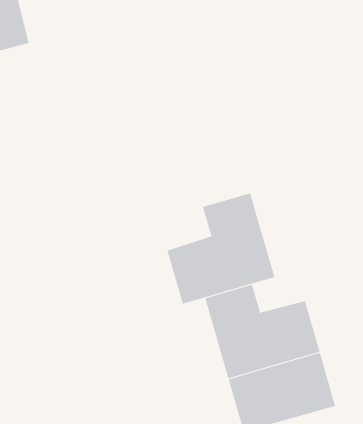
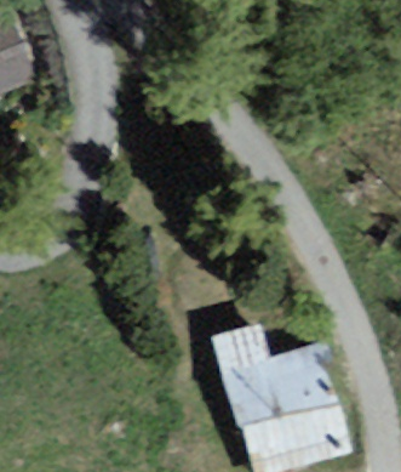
building: [167,192,275,304] -> none

